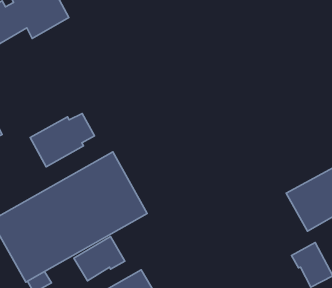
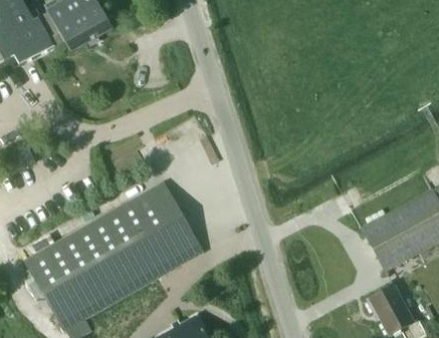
building: [30,114,94,167] -> none
building: [74,236,125,281] -> none

